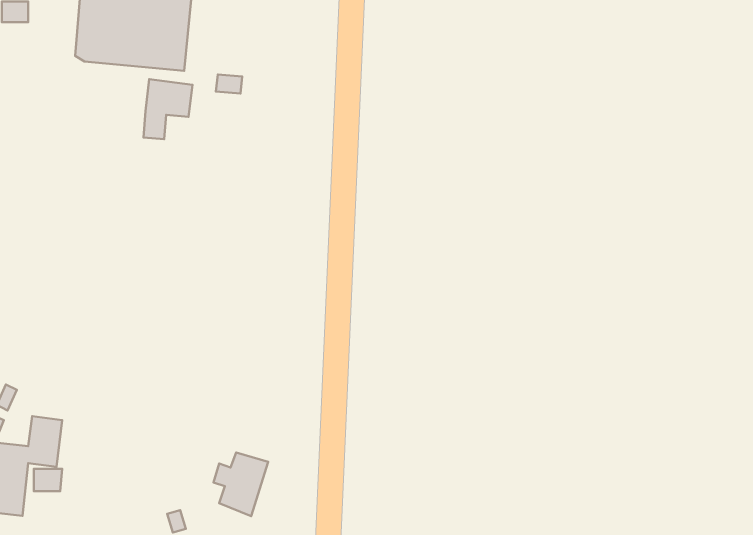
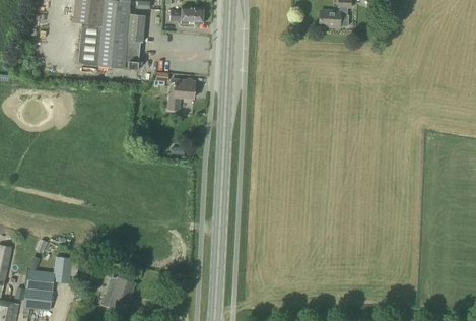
building: [144,79,192,139] -> [168,78,195,111]
building: [214,452,268,516] -> [106,277,135,312]

